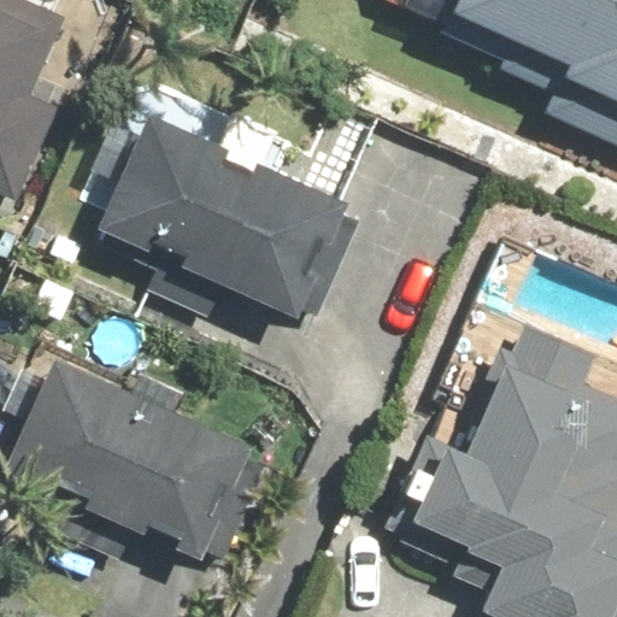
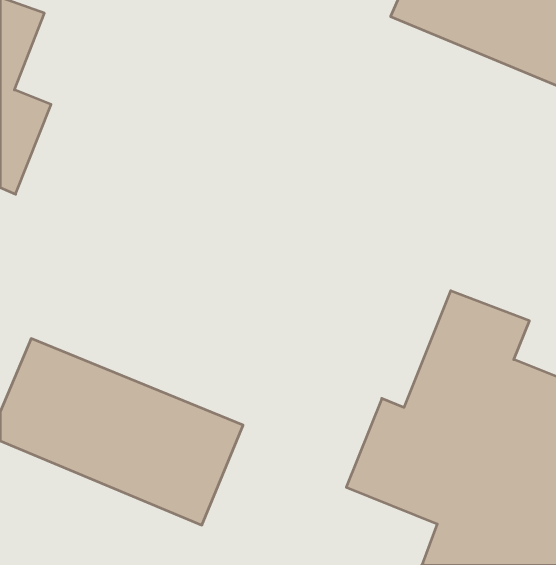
building: [100,131,355,315] -> none

